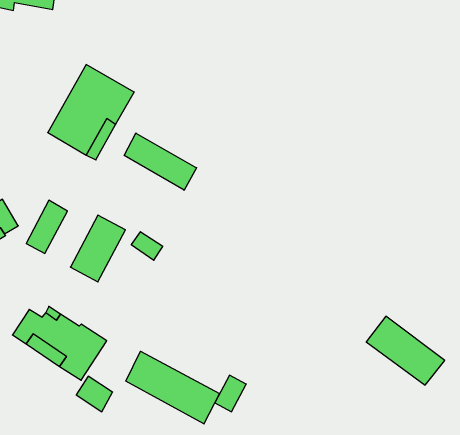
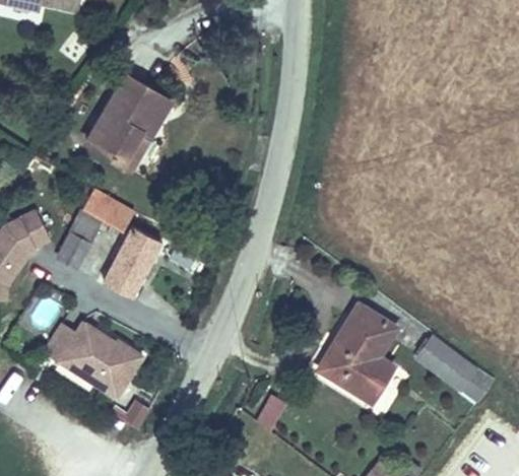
building: [124,133,197,190] -> none
building: none -> [81,187,135,231]
building: none -> [312,299,400,406]
building: [126,351,220,424] -> none

